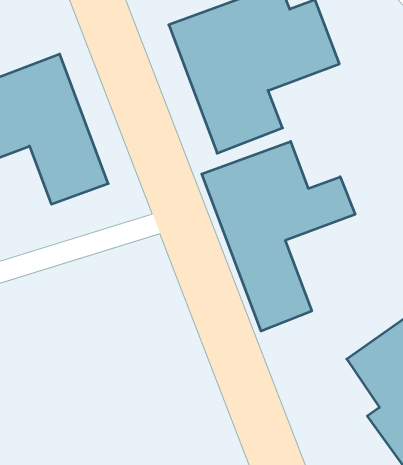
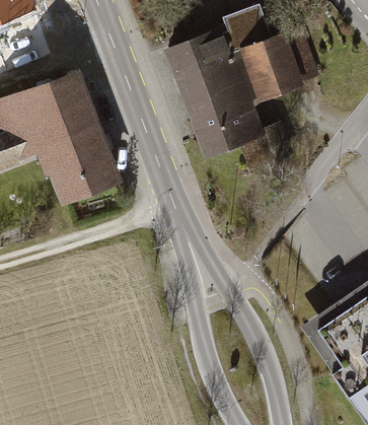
building: [202,141,355,331] -> none

